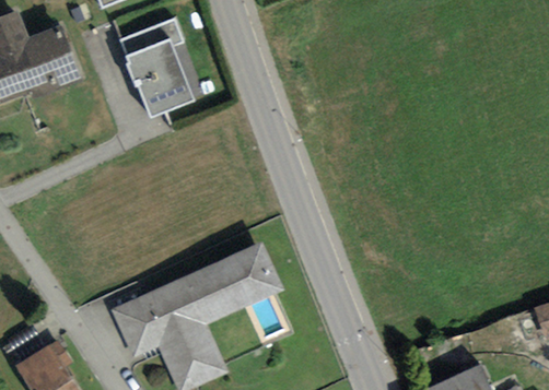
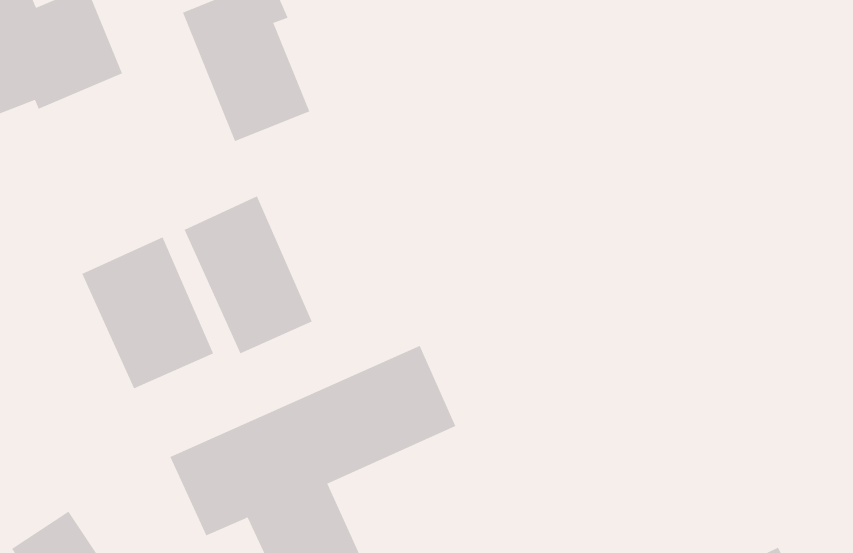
building: none -> [184,196,312,354]
building: none -> [81,236,214,389]

